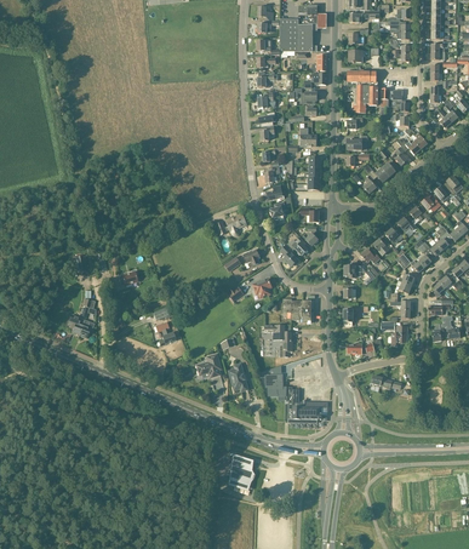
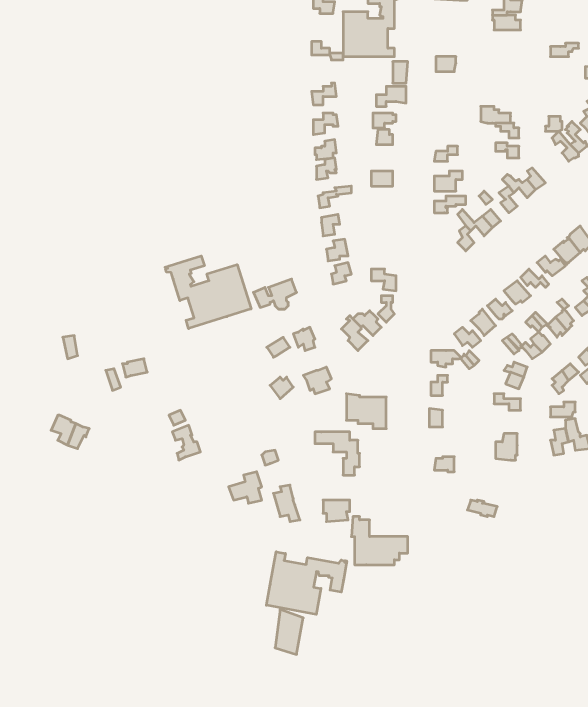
building: [348,65,378,113] -> none
building: none -> [165,256,251,329]
building: none -> [266,552,347,614]

